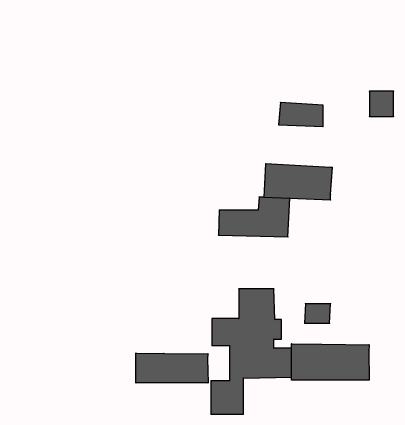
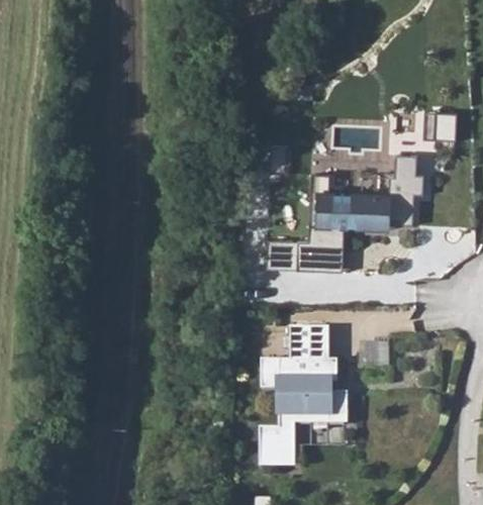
building: none -> [389,156,424,225]
building: [292,344,369,380] -> none
building: [136,353,208,383] -> none

